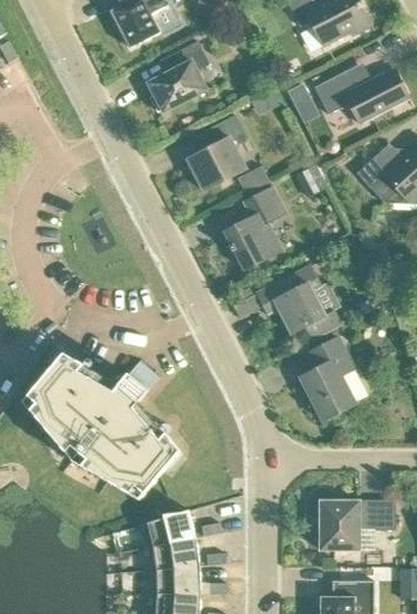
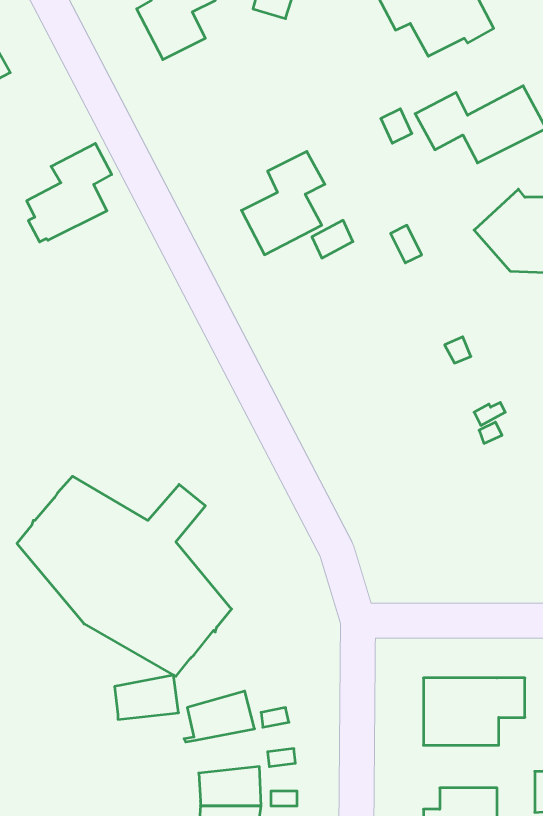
building: [146,40,208,112] -> [27,143,112,242]
building: [223,185,285,269] -> none
building: [256,265,339,337] -> none
building: [300,336,355,420] -> none
building: [152,536,199,568] -> [115,675,179,719]

